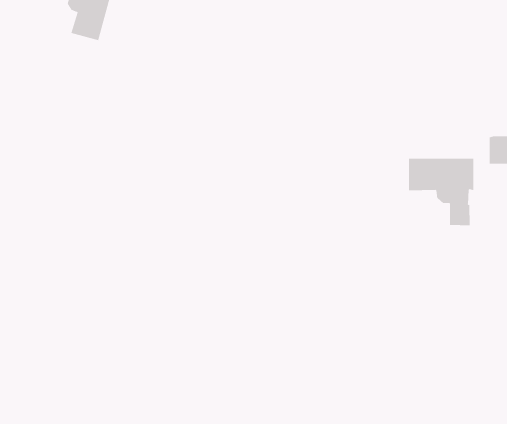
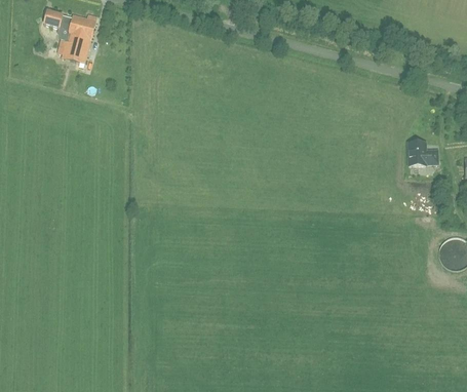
building: [408,158,474,226] -> none

